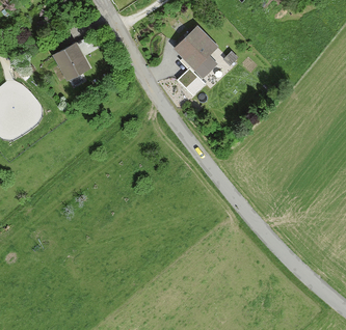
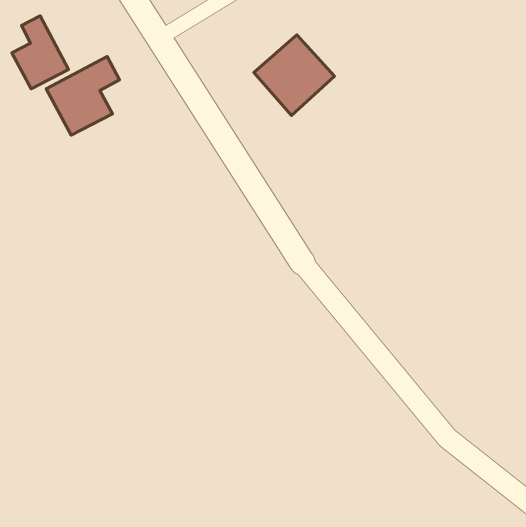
building: none -> [12,16,68,89]

